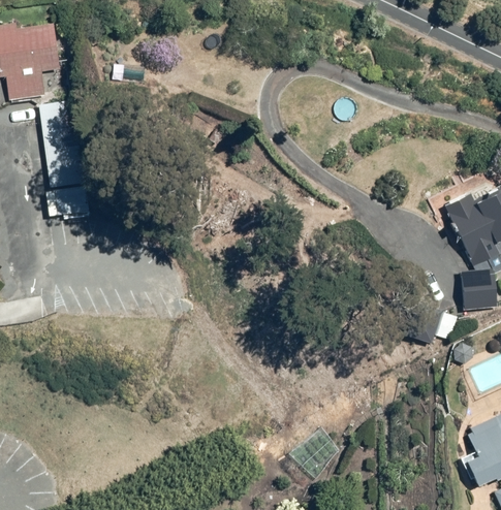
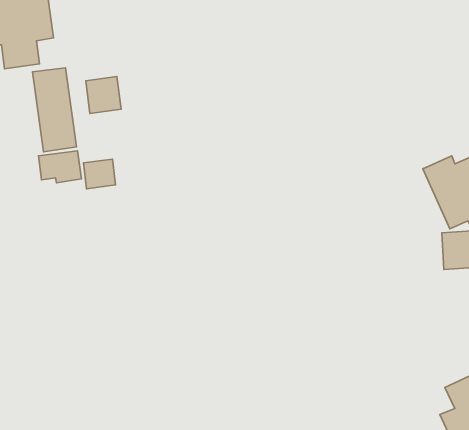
building: none -> [86,76,121,114]
building: none -> [83,159,116,189]

